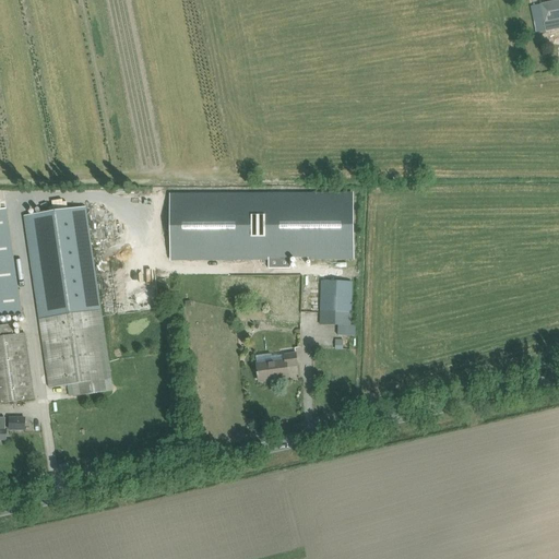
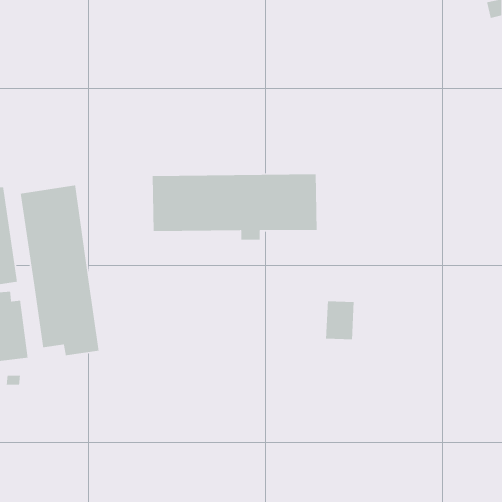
building: [318,280,350,323] -> [325,301,355,340]
building: [255,350,296,380] -> none

